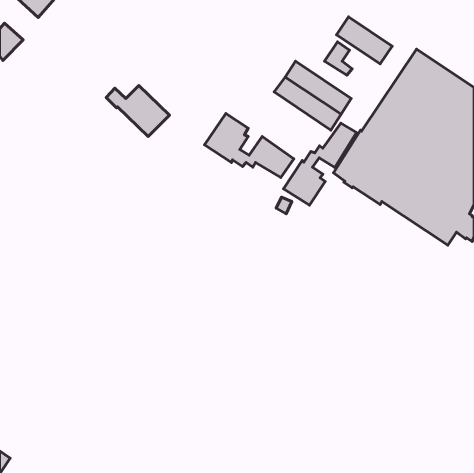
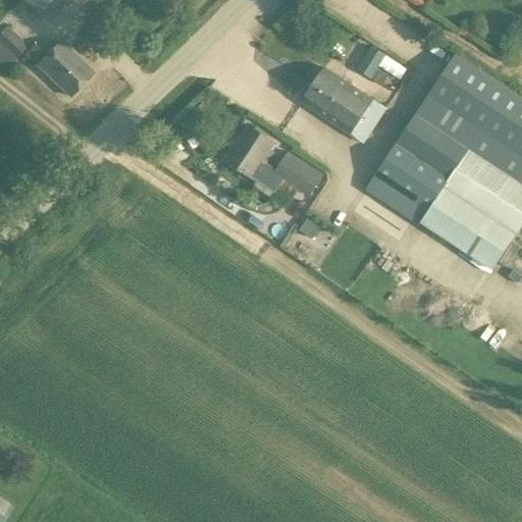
building: [336,17,392,64] -> none
building: [106,85,170,137] -> [22,40,92,96]
building: [283,123,356,205] -> none

